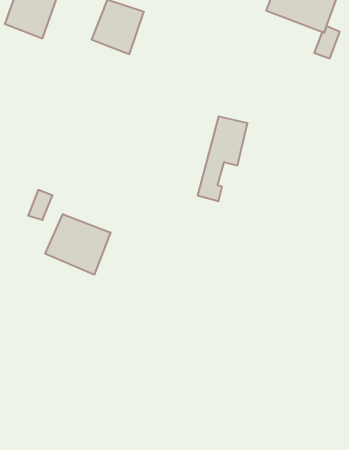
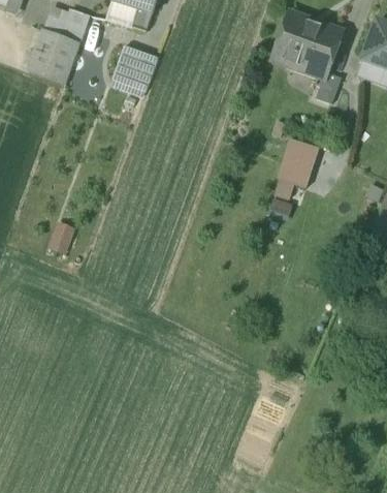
building: [198,116,248,201] -> [268,140,315,218]
building: [45,214,111,275] -> none

